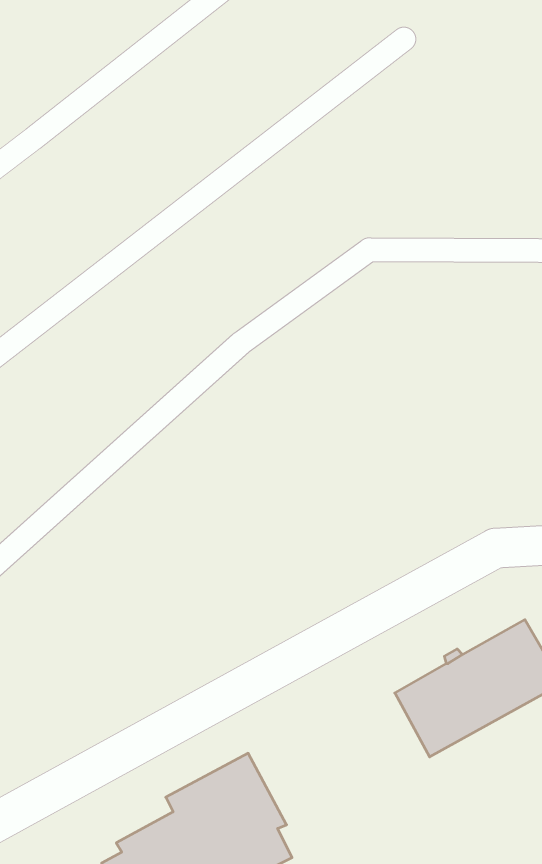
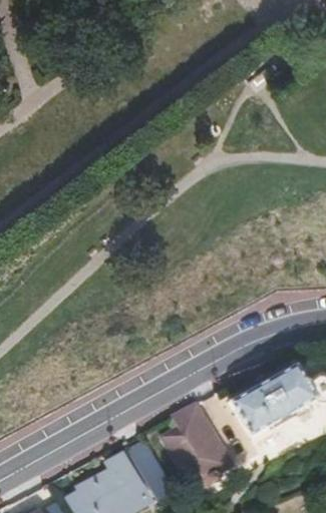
building: none -> [168,407,226,485]

